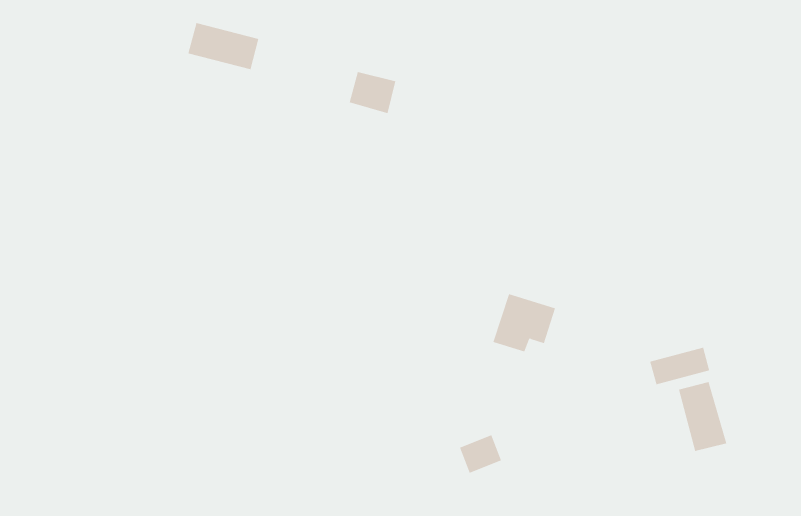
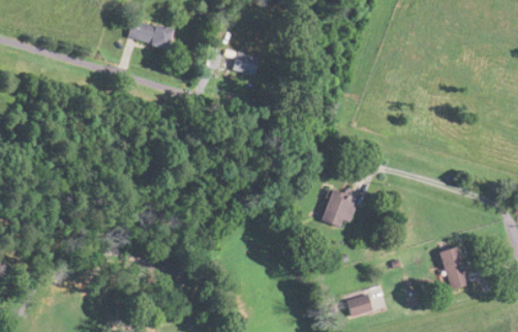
building: [650,347,710,385] -> none
building: [459,434,502,474] -> [346,293,373,318]

